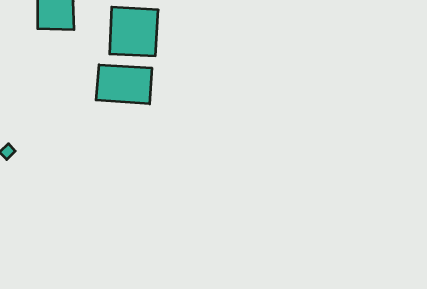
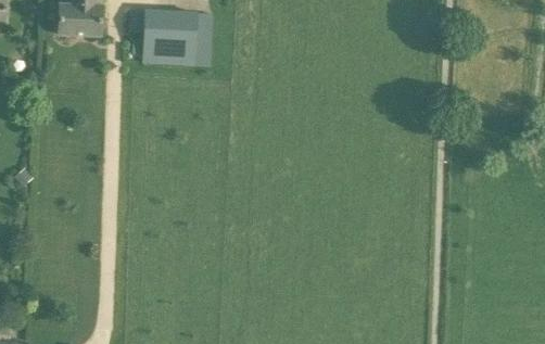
building: [96,65,152,104] -> none

